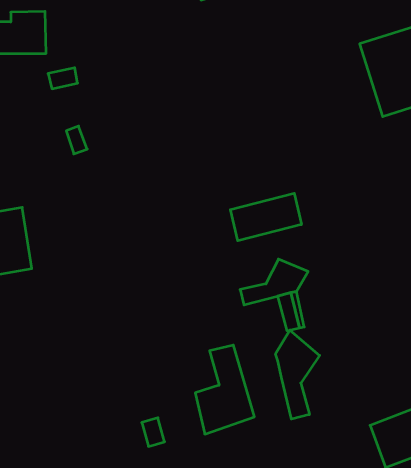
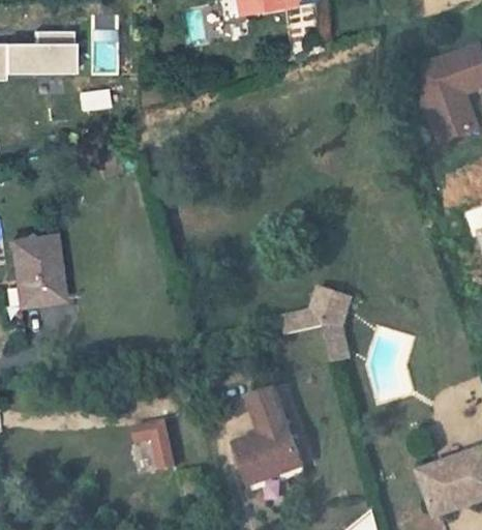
building: [230,193,301,241] -> none
building: [276,330,320,419] -> none
building: none -> [131,415,178,469]

